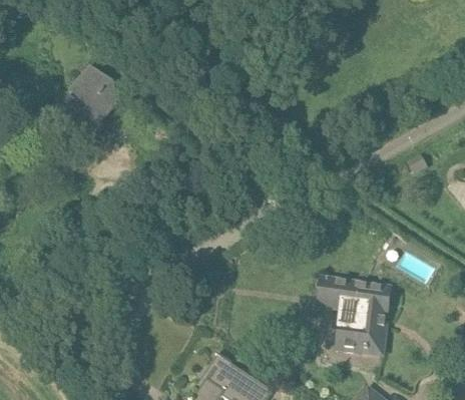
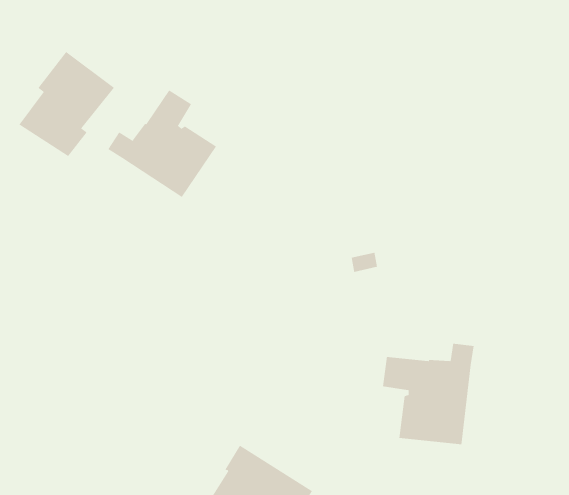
building: none -> [107,90,217,198]

